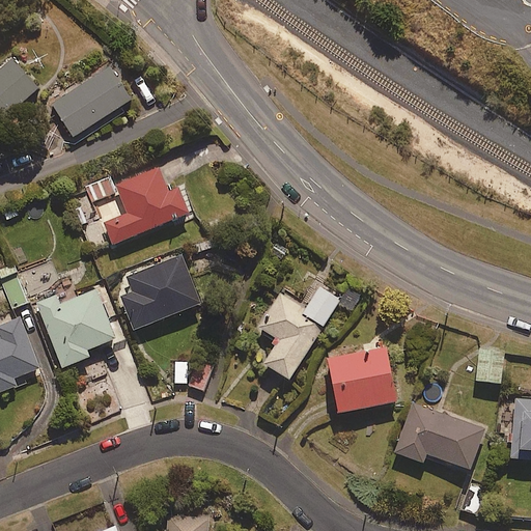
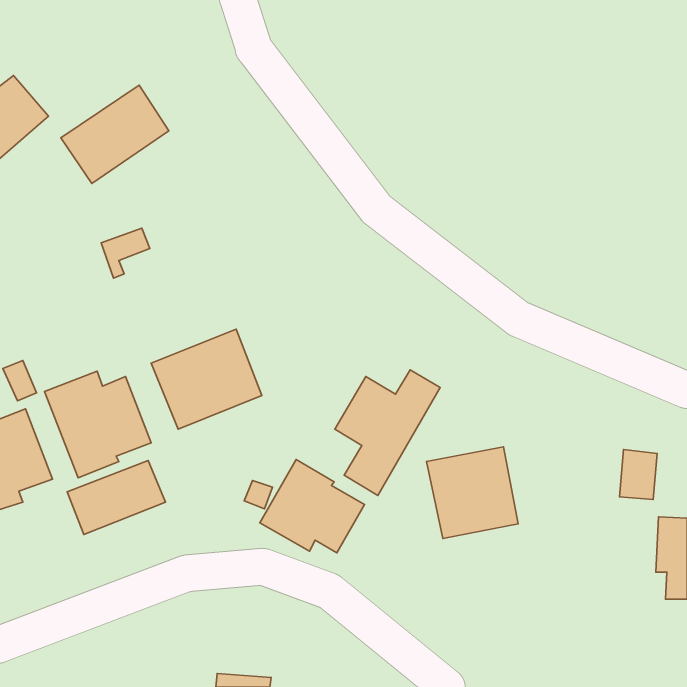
building: [102,167,189,246] -> none
building: none -> [260,459,365,553]
building: none -> [67,461,166,534]
building: [393,401,486,471] -> none

